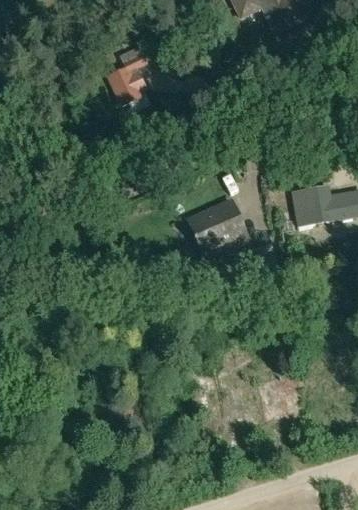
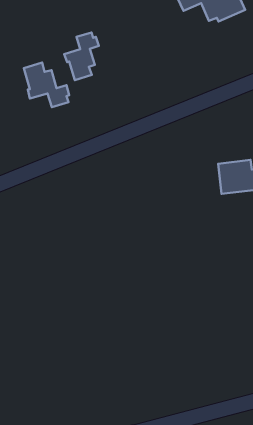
building: none -> [24,63,69,107]
building: [189,200,249,256] -> none

